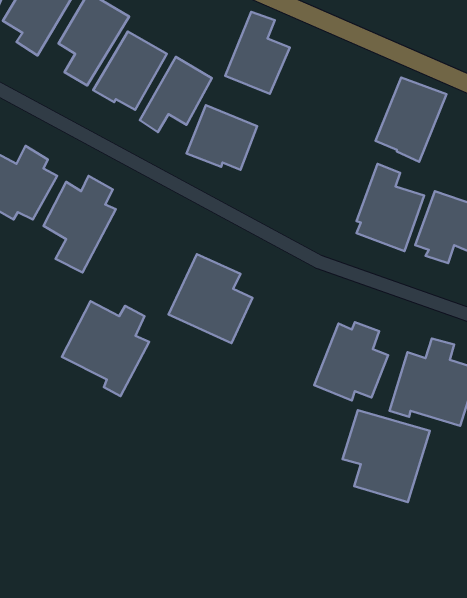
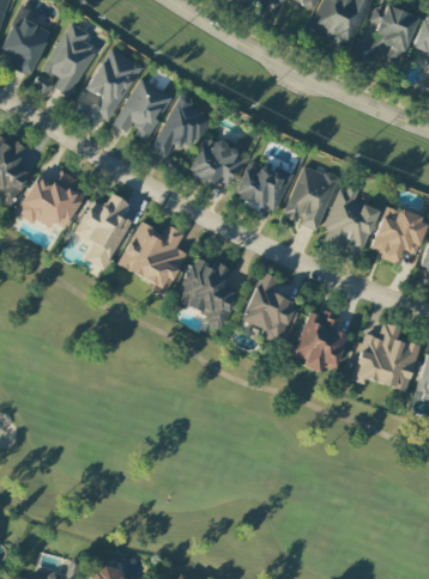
building: [225,12,290,94] -> none
building: [376,78,446,162] -> [283,164,339,231]
building: none -> [235,158,291,212]
building: none -> [242,272,296,343]
building: [62,301,149,396] -> [117,220,187,295]
building: [342,410,430,502] -> none

